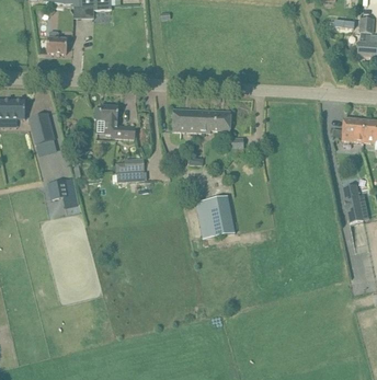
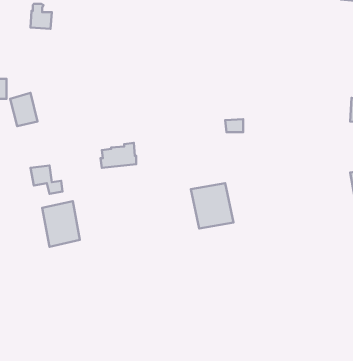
building: [95,105,137,138] -> none
building: [173,110,231,133] -> none
building: none -> [42,201,80,247]

